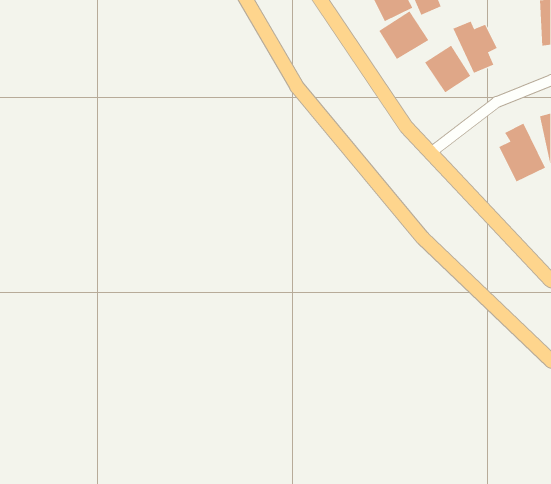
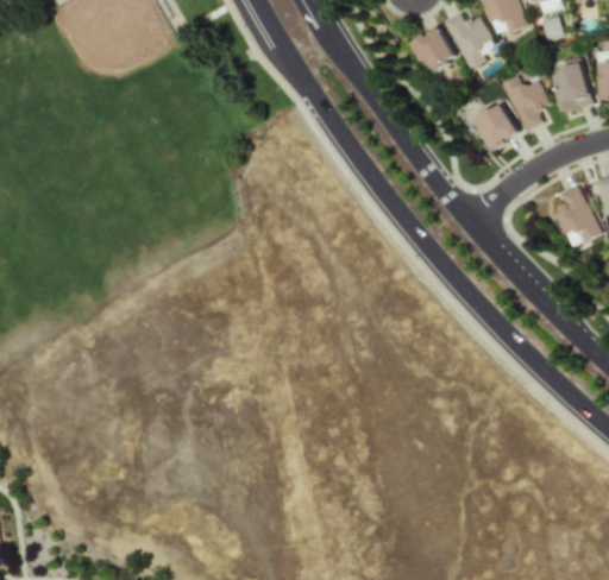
building: none -> [548,62,595,114]
building: [379,10,429,60] -> none

